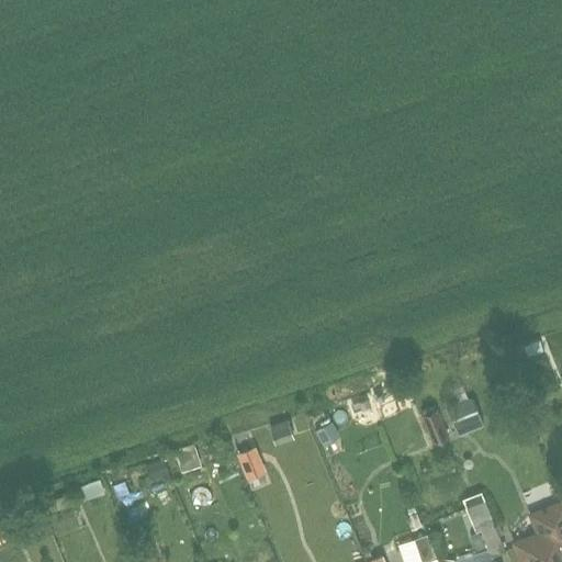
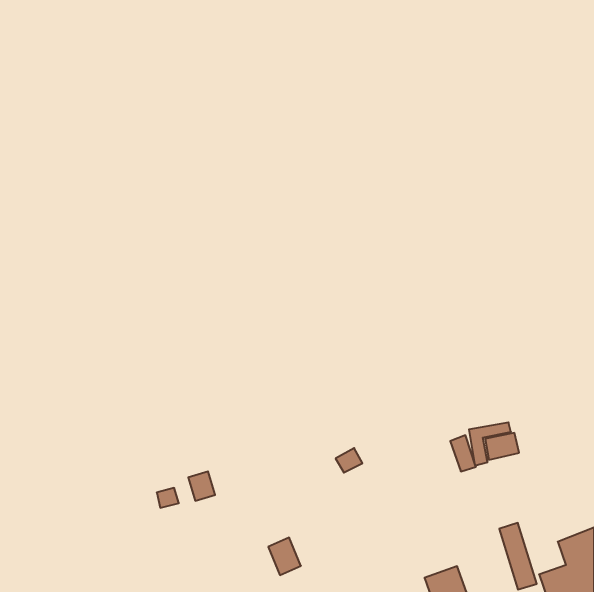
building: [237,450,268,485] -> [268,538,301,575]

